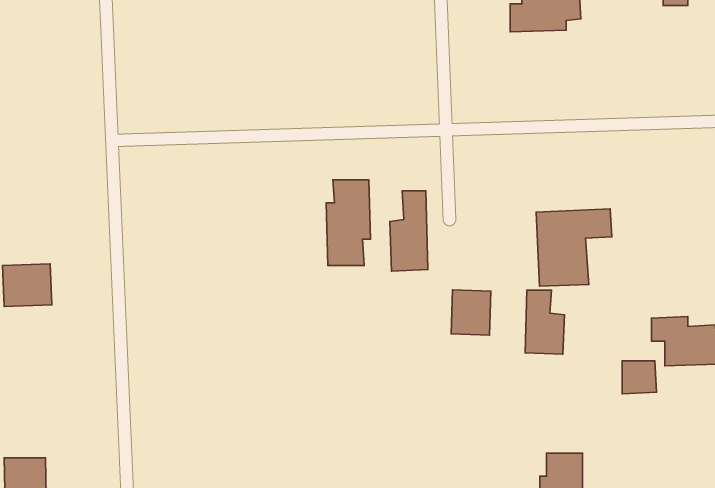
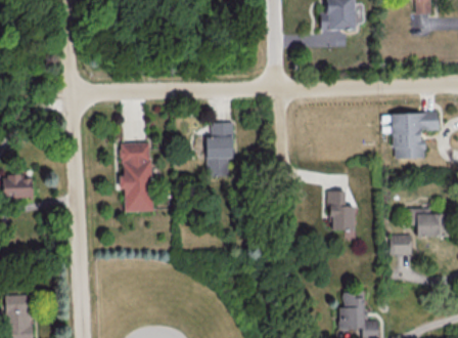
building: [390,191,428,271] -> none
building: [536,209,612,286] -> [392,112,439,160]
building: none -> [119,142,152,211]
building: [451,290,491,335] -> none

